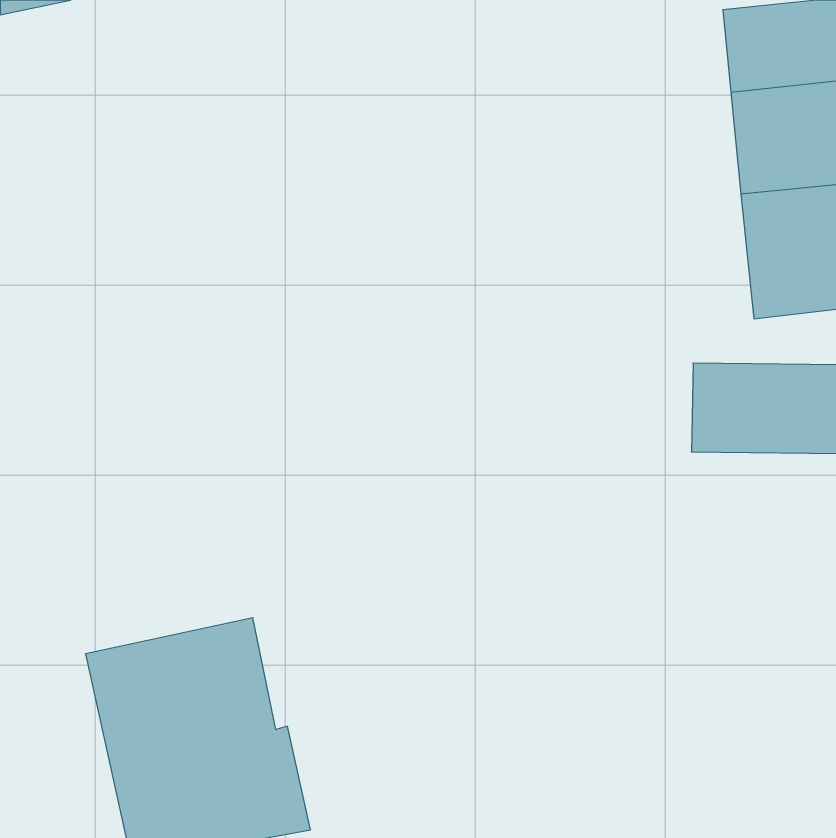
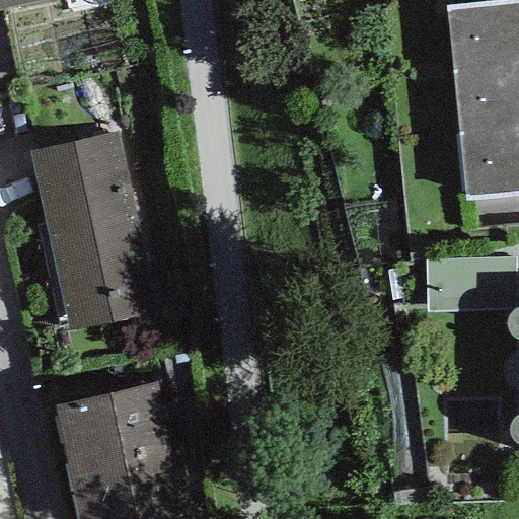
building: none -> [30,132,157,330]

